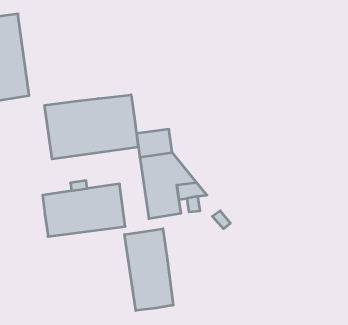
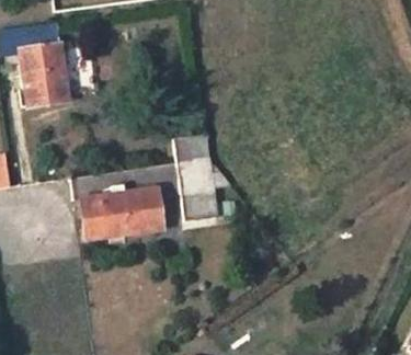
building: [45,95,138,159] -> none
building: [125,229,173,311] -> none

